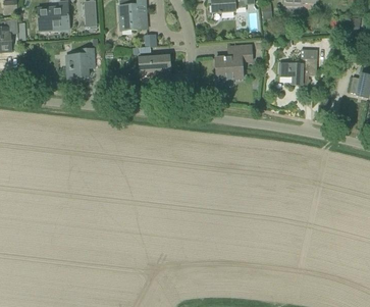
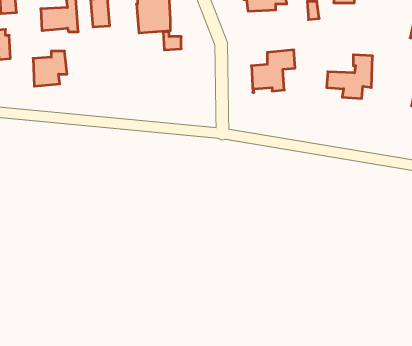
building: [66,48,95,78] -> [33,51,67,86]
building: [139,55,171,81] -> none

